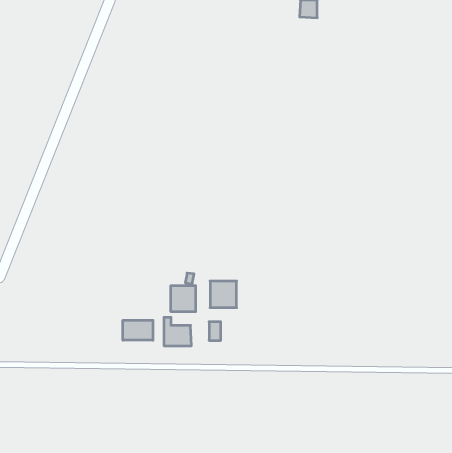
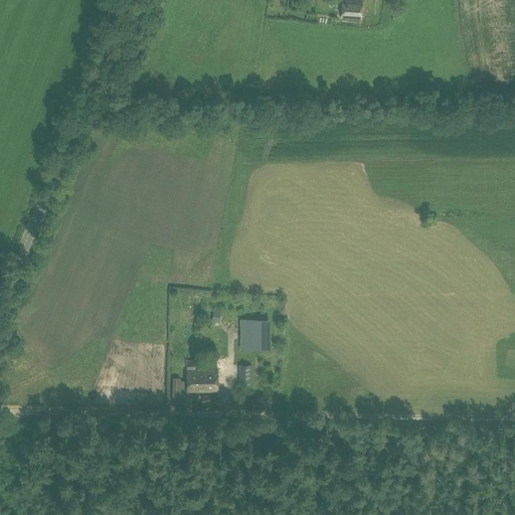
building: [171,286,196,312] -> none
building: [123,320,153,340] -> none

